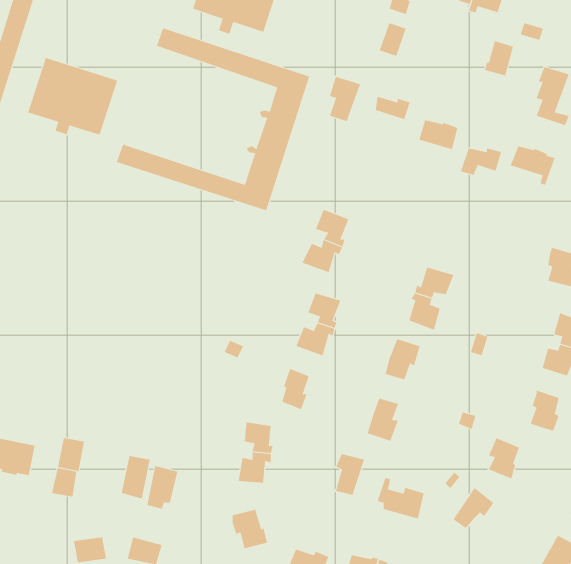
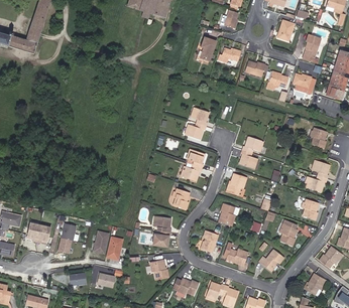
building: [116,27,310,211] -> none
building: [27,57,118,136] -> none

